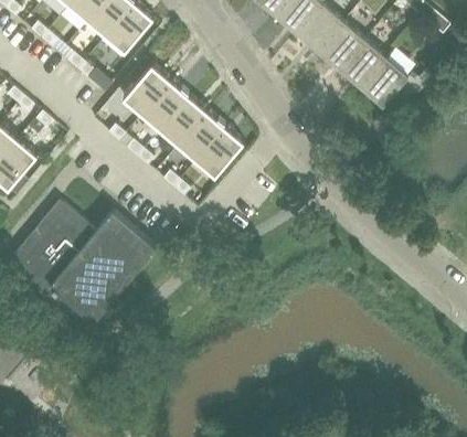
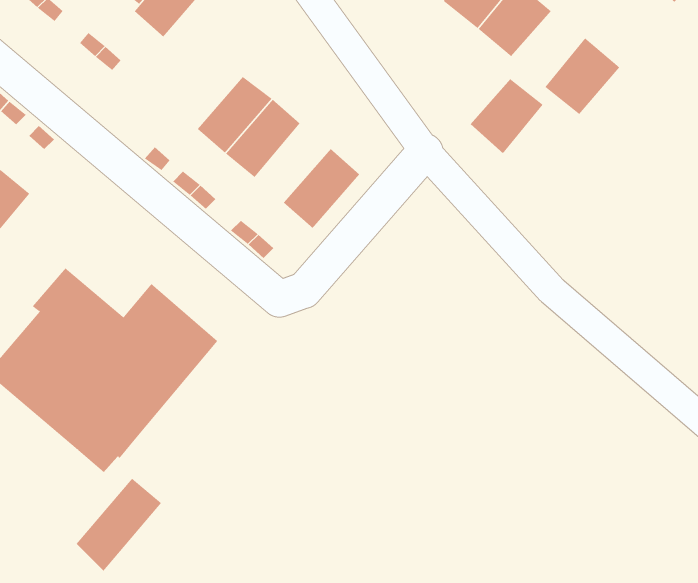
building: [339,42,385,89] -> [470,79,543,154]
building: [123,66,170,116] -> none
building: [178,113,225,162] -> none
building: none -> [76,478,162,571]

